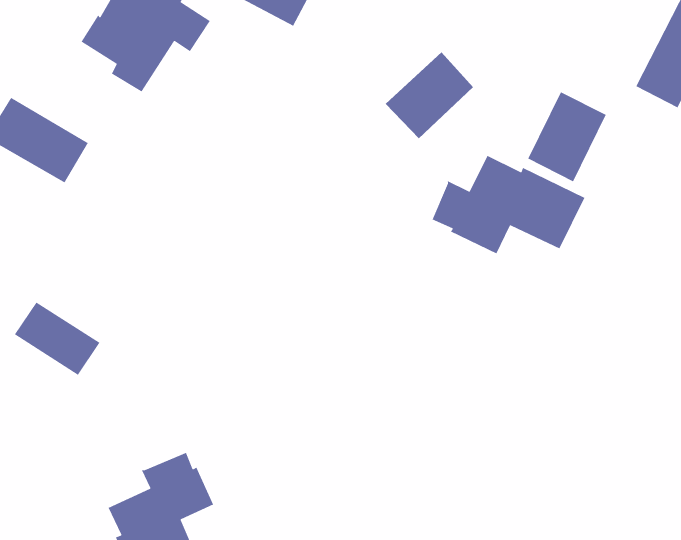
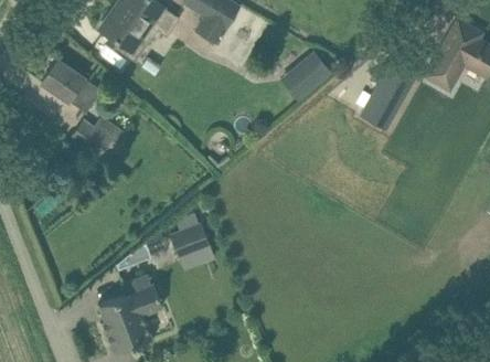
building: [432,155,585,255] -> none
building: [14,301,101,376] -> [70,120,120,166]
building: none -> [171,214,212,260]

